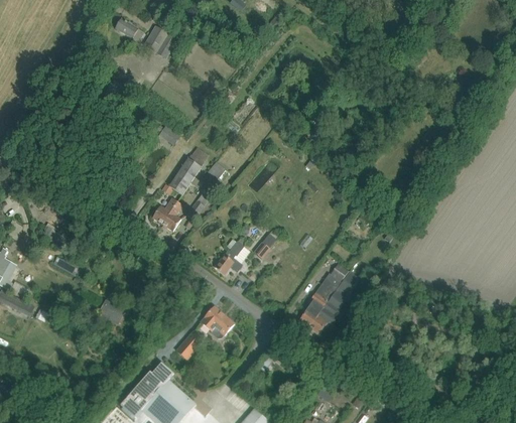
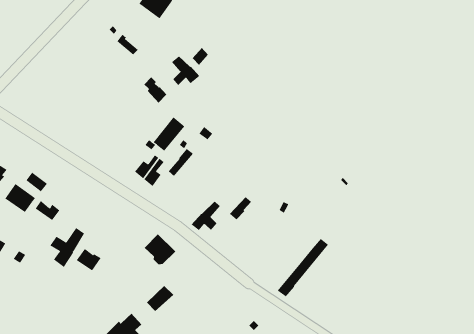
building: none -> [171,55,200,86]
building: none -> [5,183,36,213]
building: [299,262,350,327] -> none
building: none -> [50,227,85,268]
building: [201,306,234,338] -> [144,233,176,265]

